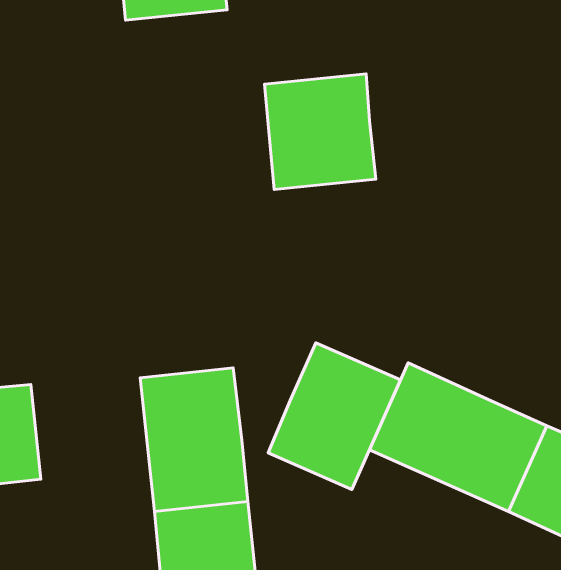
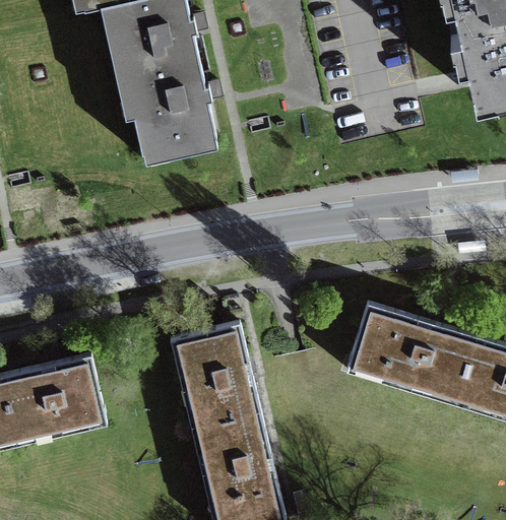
building: [265,74,376,190] -> [126,60,217,154]
building: [268,343,401,490] -> none

